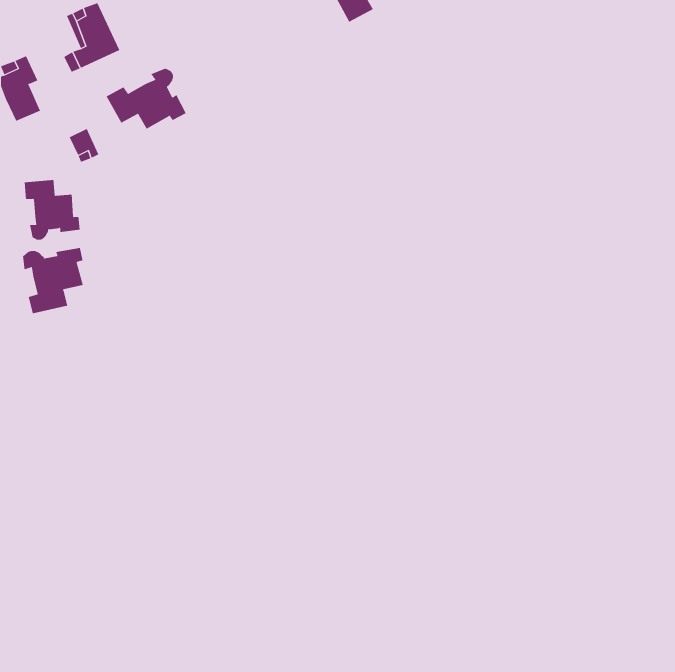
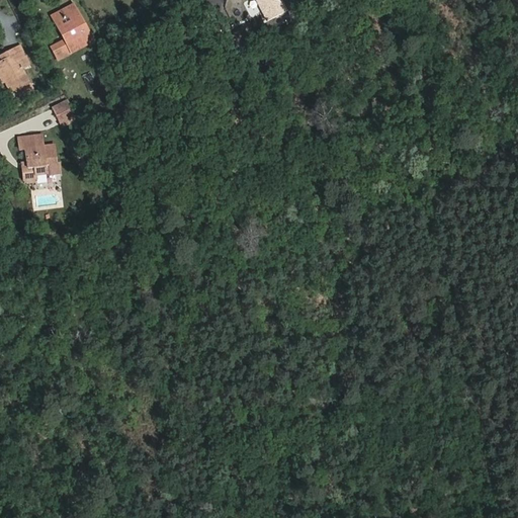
building: [106,68,186,130] -> none
building: [22,247,83,314] -> none

